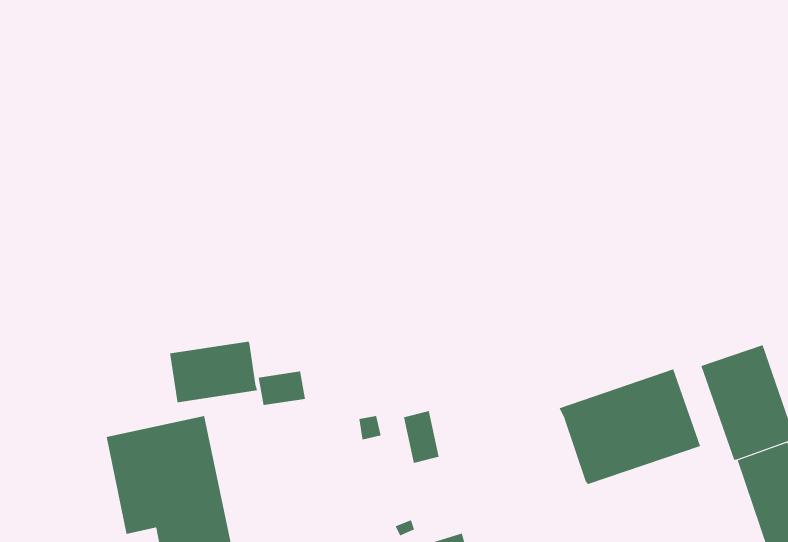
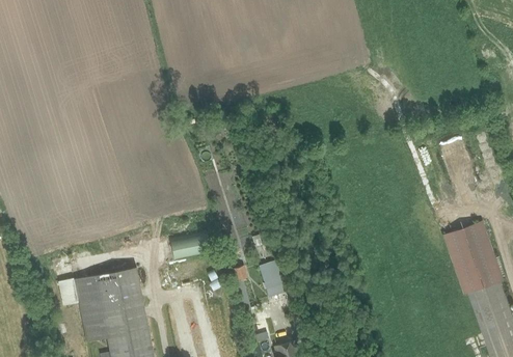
building: [169,341,258,403] -> none
building: [559,368,701,485] -> none

